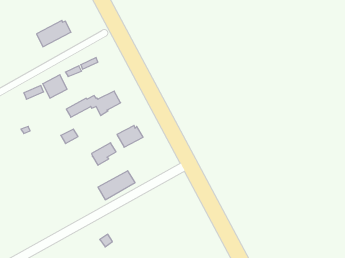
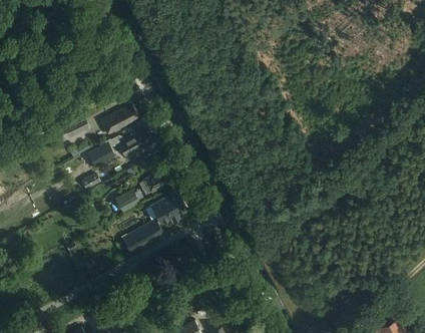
building: [37,20,71,47] -> [99,107,137,136]
building: none -> [150,193,185,225]

